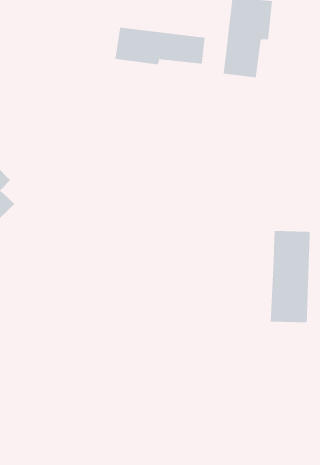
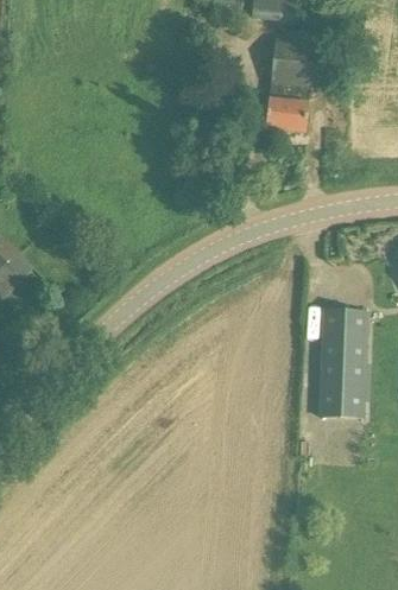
building: [115,27,205,65] -> none

